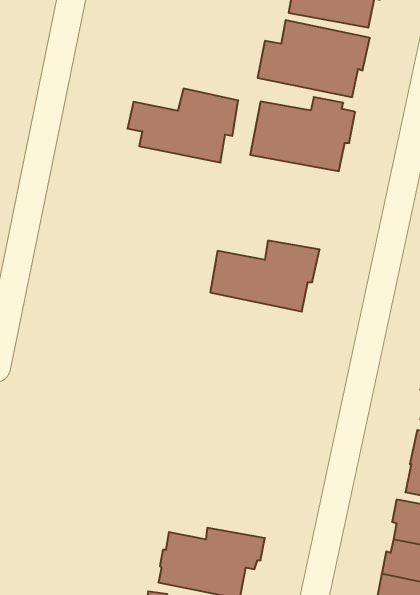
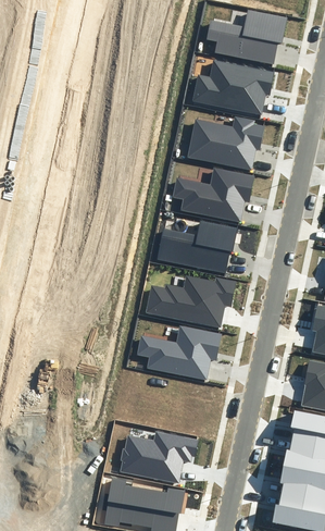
building: [127,89,238,163] -> [172,168,253,222]
building: none -> [145,275,235,328]
building: none -> [136,325,221,380]

